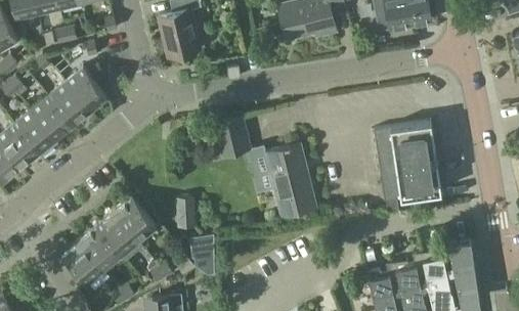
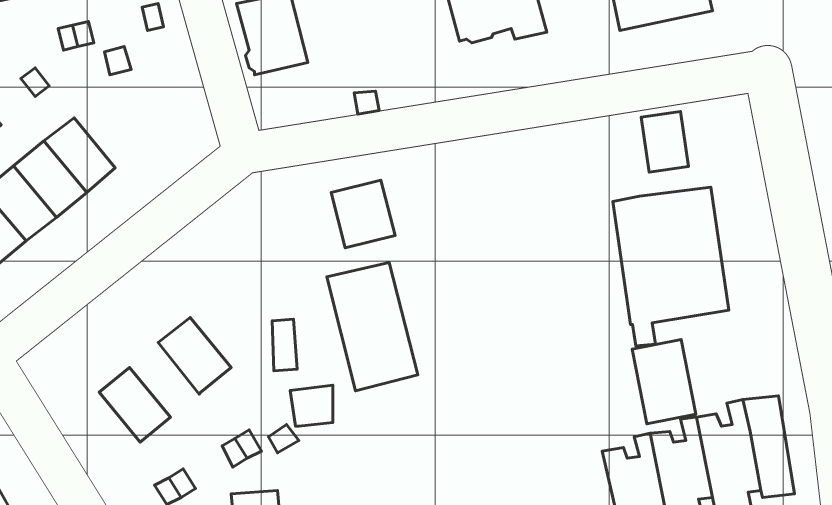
building: [66,68,107,112] -> none
building: none -> [641,111,688,172]
building: [265,144,317,218] -> [327,263,418,391]
building: none -> [632,340,696,424]
building: [97,212,144,262] -> none
building: [55,239,103,283] -> none

